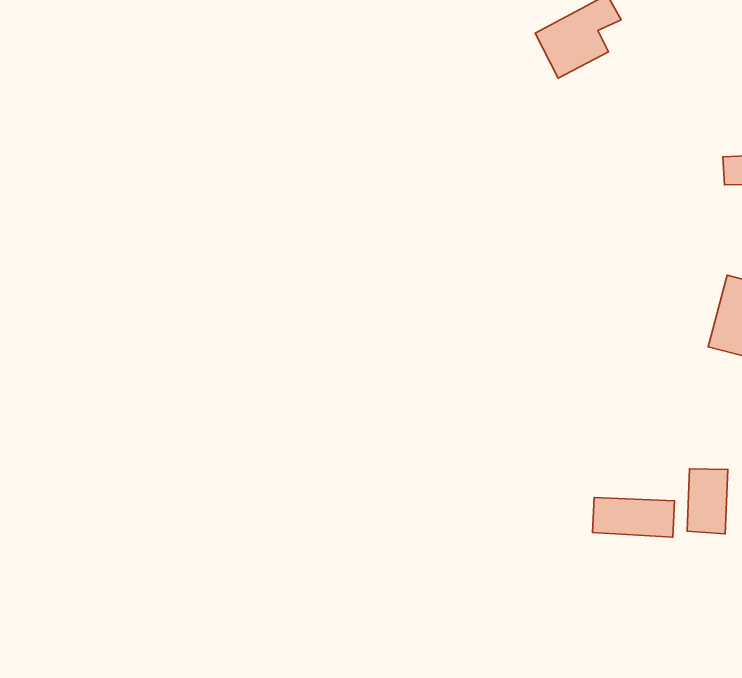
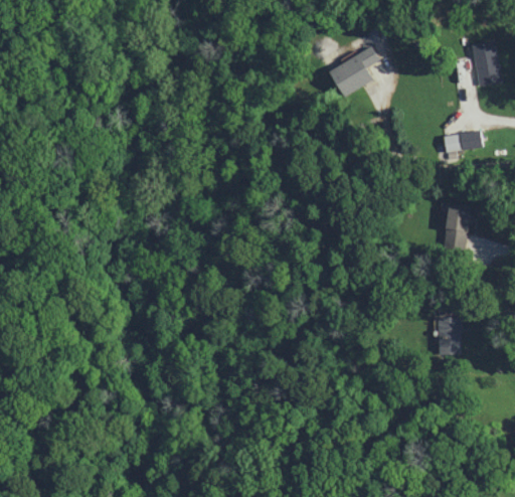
building: [593,498,675,537] -> none

